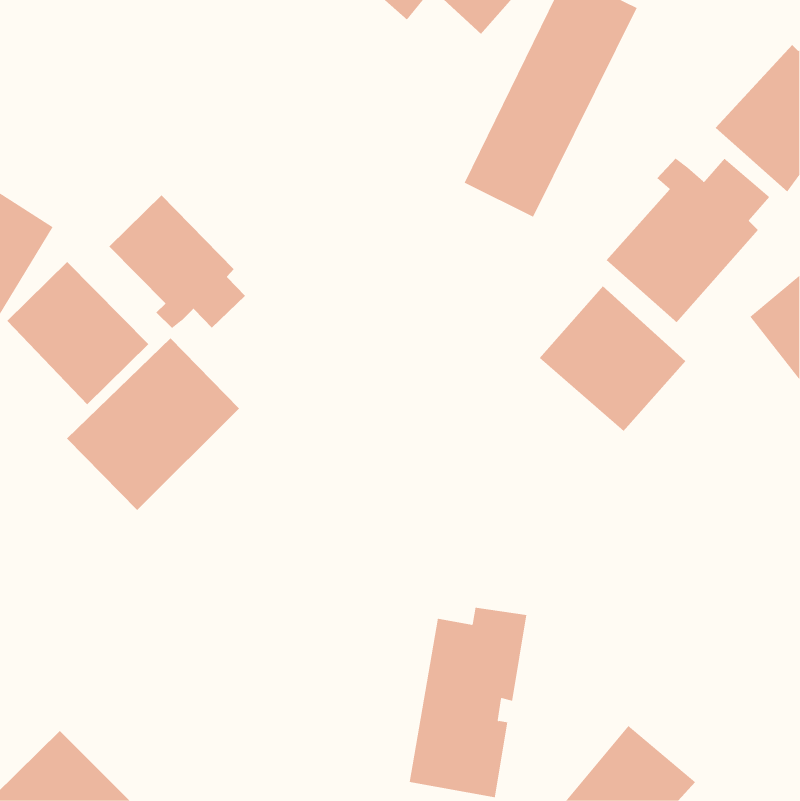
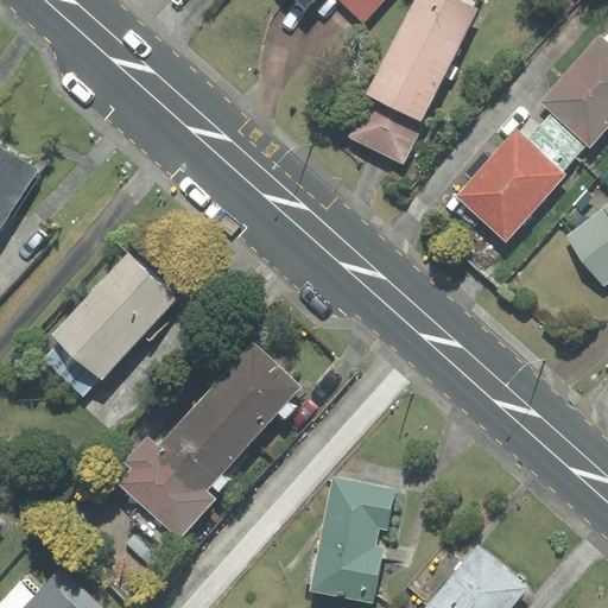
building: [109,194,246,329] -> none
building: [6,261,149,405] -> none
building: [539,286,686,432] -> none
building: none -> [114,336,302,542]

